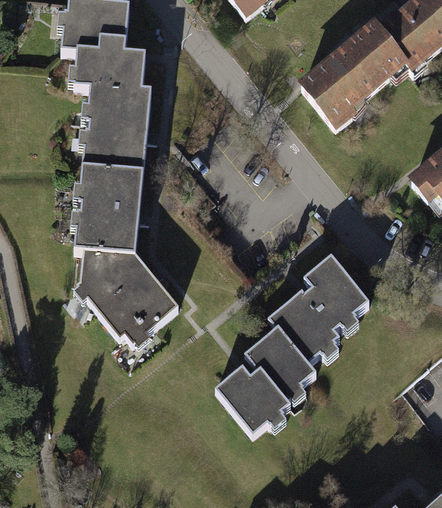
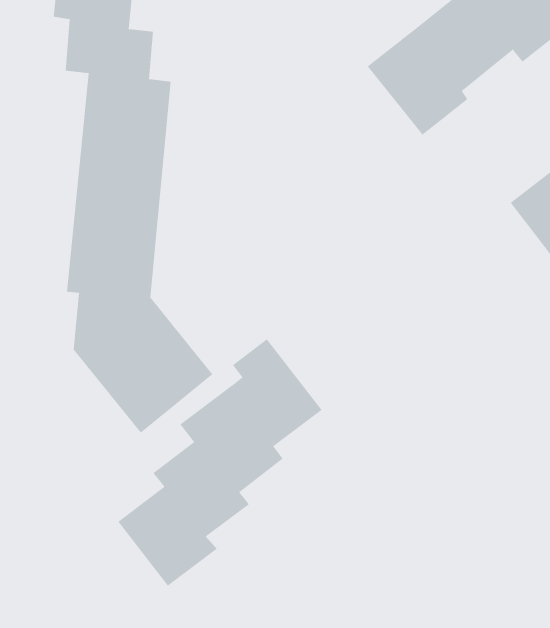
building: [220,253,372,437] -> [118,338,323,586]

